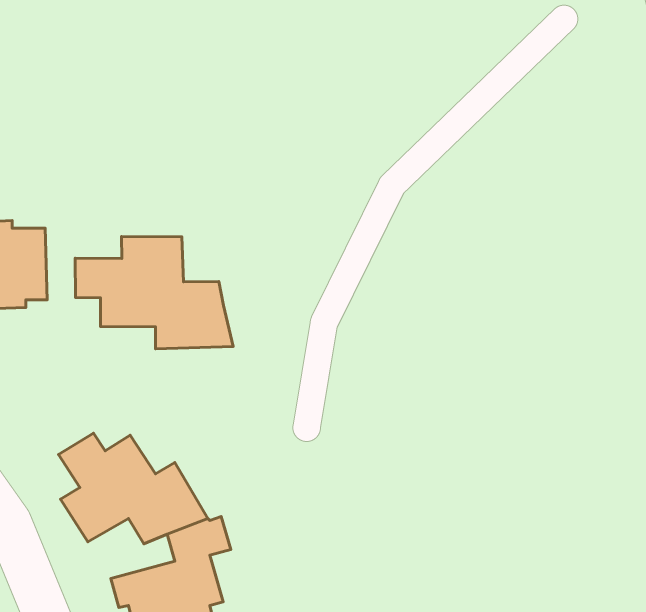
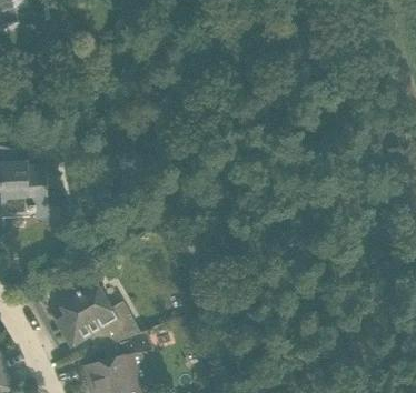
building: [75,237,233,349] -> none

